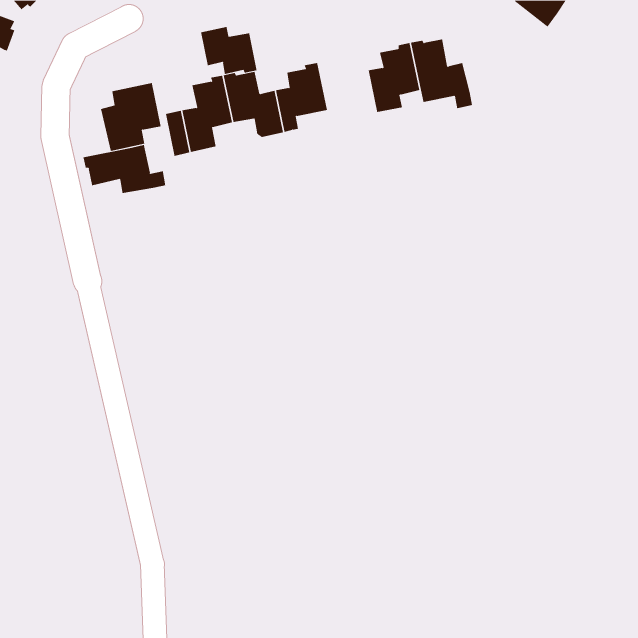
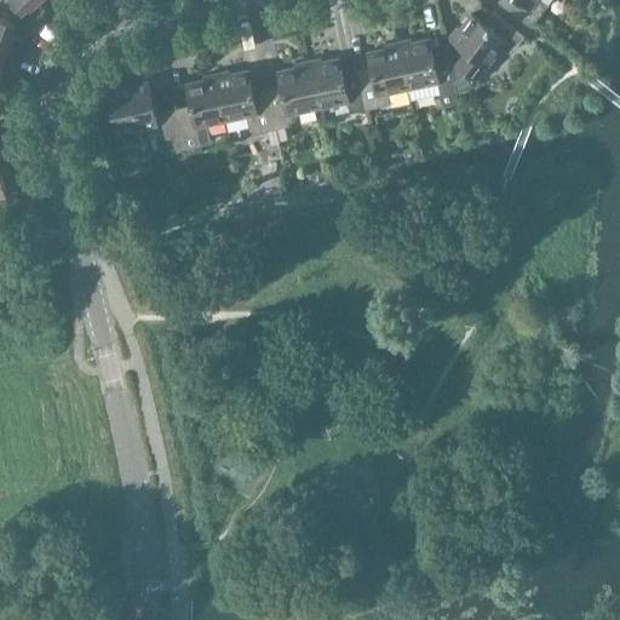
building: none -> [446,11,523,91]
building: [200,26,257,75] -> none
building: none -> [308,58,364,114]
building: [83,144,166,194] -> none

